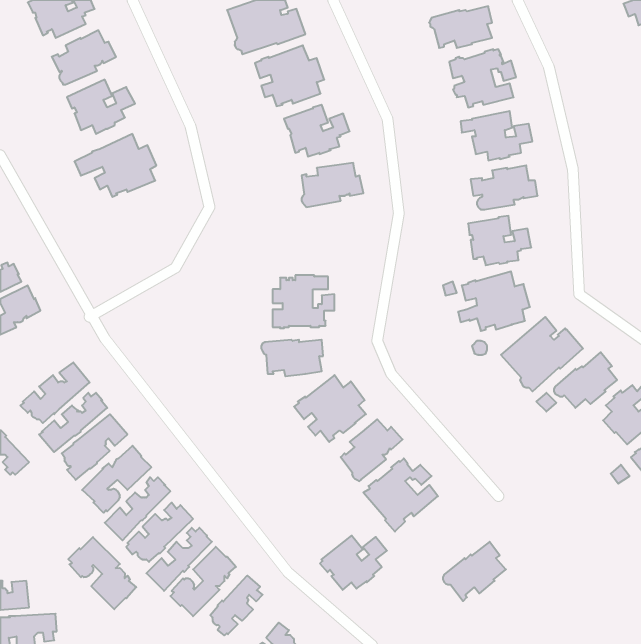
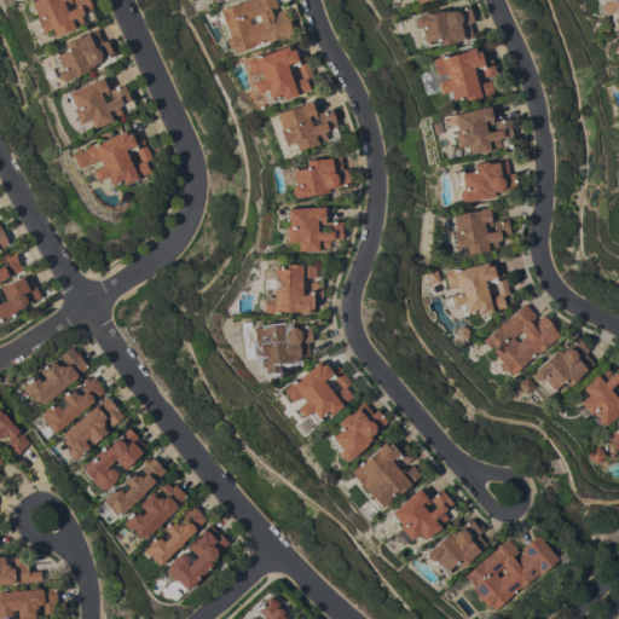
building: none -> [287,208,345,253]
building: [320,536,387,590] -> [391,490,455,542]
building: [68,537,136,609] -> none
building: none -> [465,536,560,611]
building: [210,576,263,635] -> none

